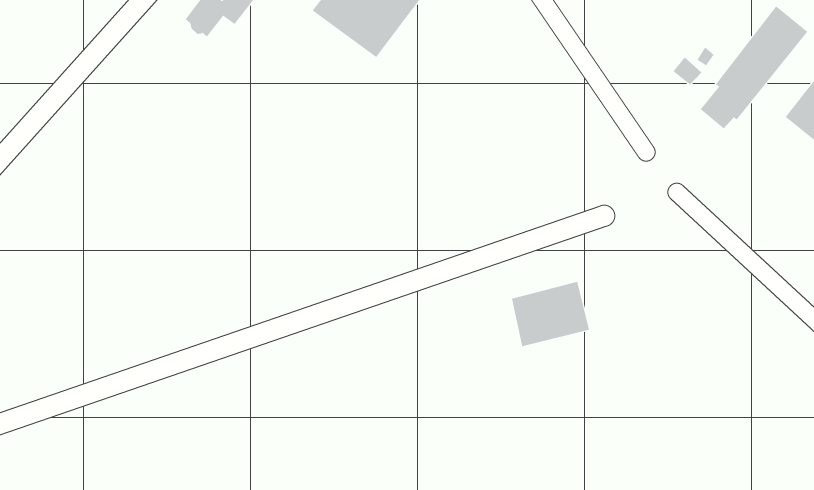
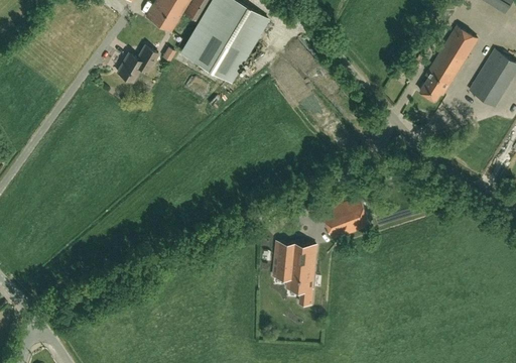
building: none -> [273,241,316,304]

